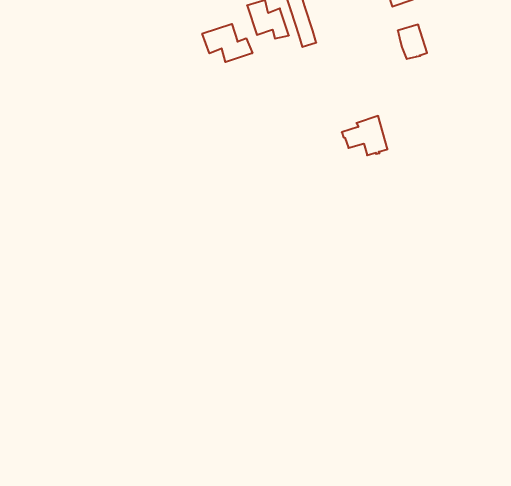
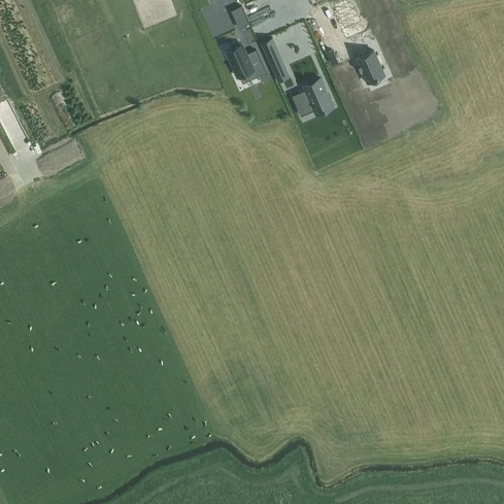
building: [202,24,252,62] -> none
building: [342,116,388,155] -> [292,79,332,113]

